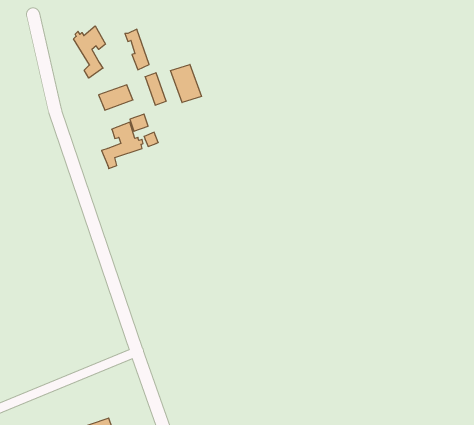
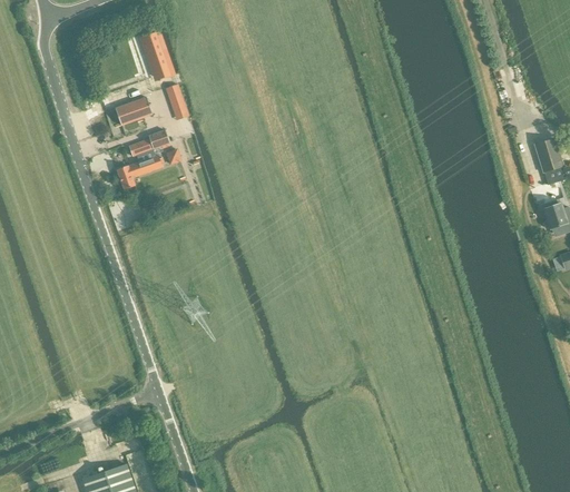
building: [74,26,105,78] -> none
building: [171,64,201,103] -> none

